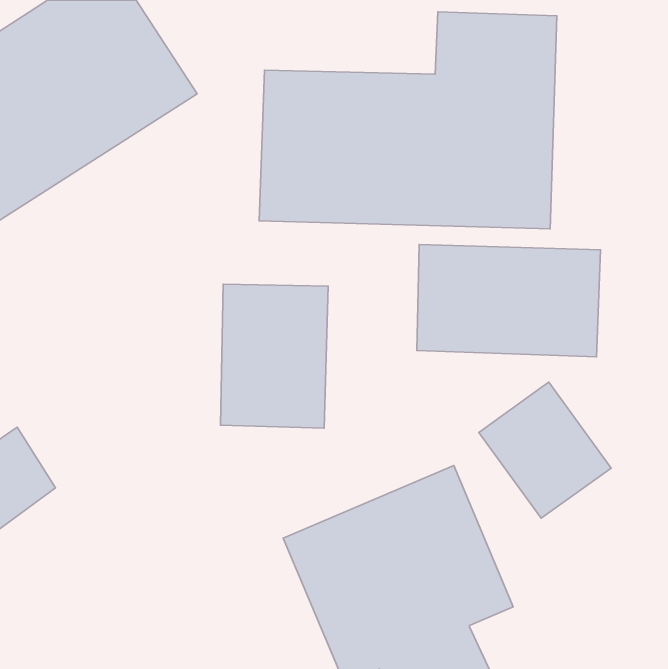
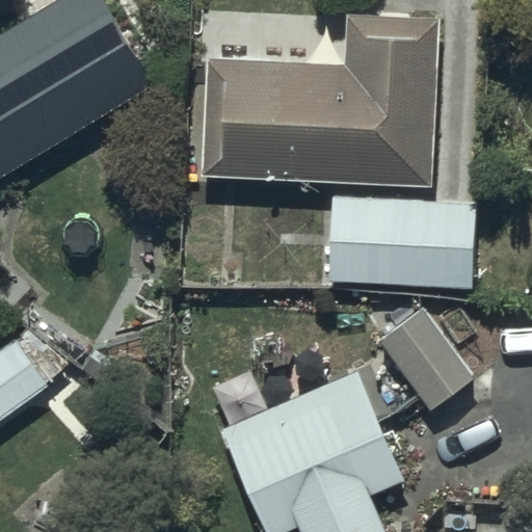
building: [221,284,328,428] -> none

